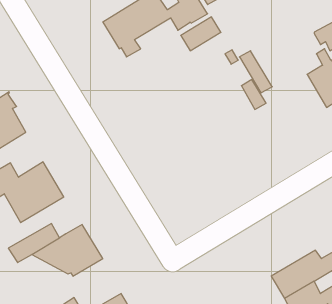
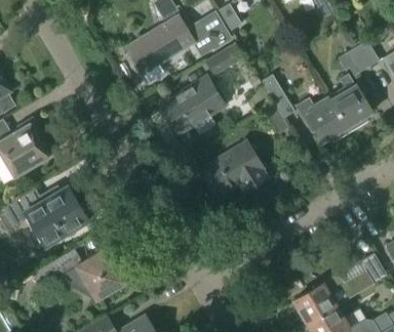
building: none -> [162,78,224,133]
building: none -> [294,96,350,142]
building: none -> [201,141,268,196]

